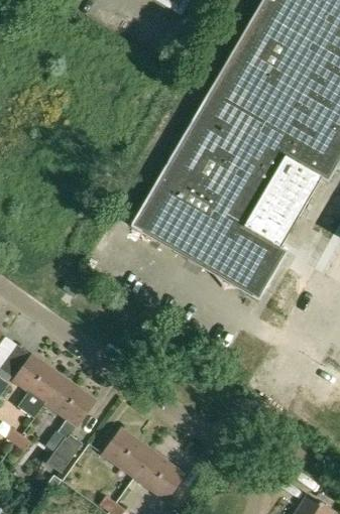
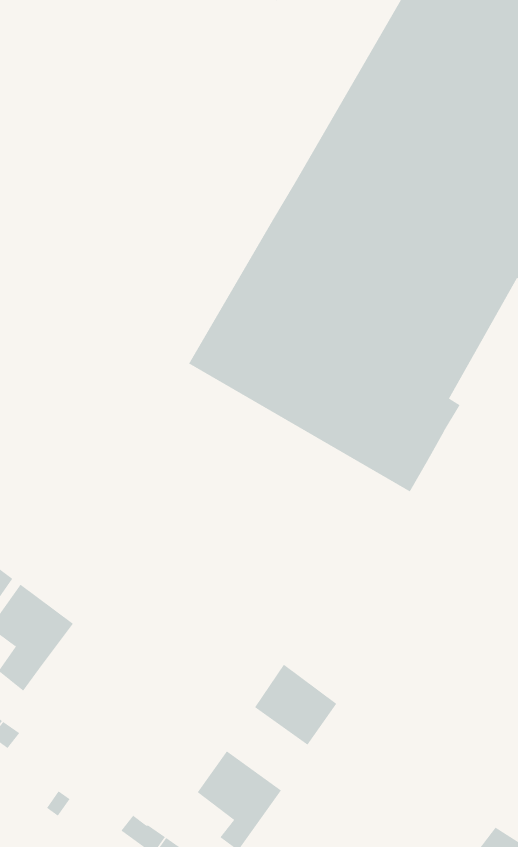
building: [44,377,95,472] -> none
building: [103,427,151,475] -> [254,664,337,745]

